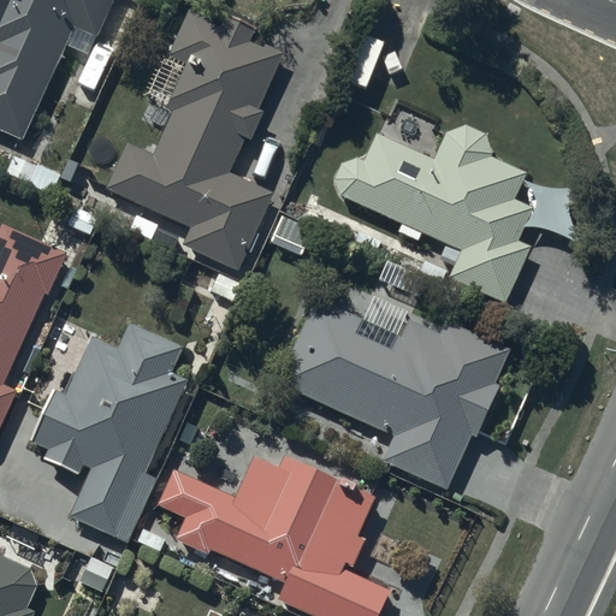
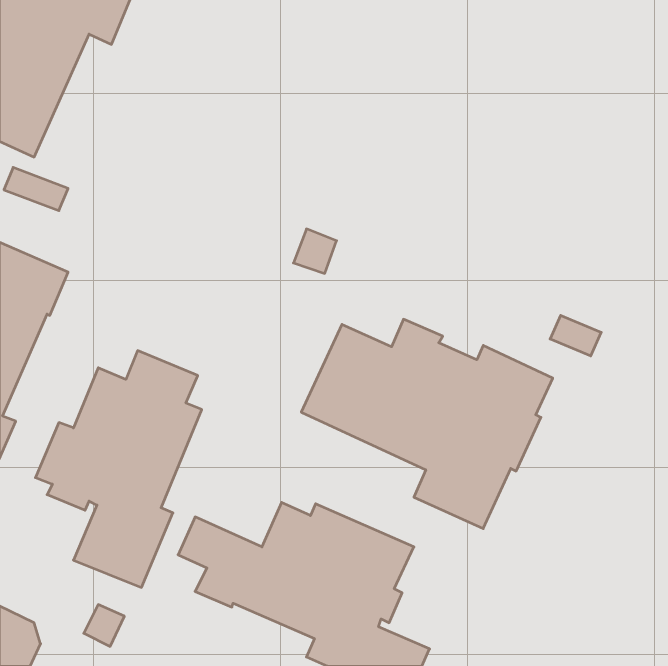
building: [111,14,286,272] -> none
building: [333,124,531,300] -> none

